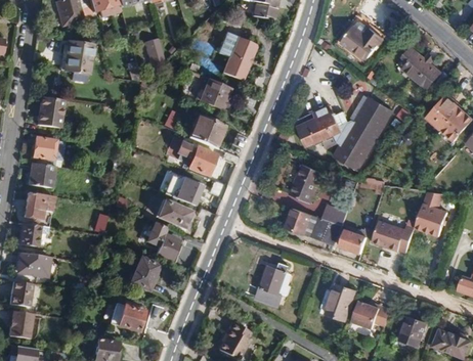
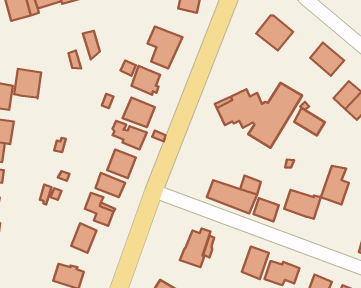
building: [62,41,93,75] -> [14,69,41,99]
building: none -> [294,108,325,135]
building: [293,162,327,199] -> none

